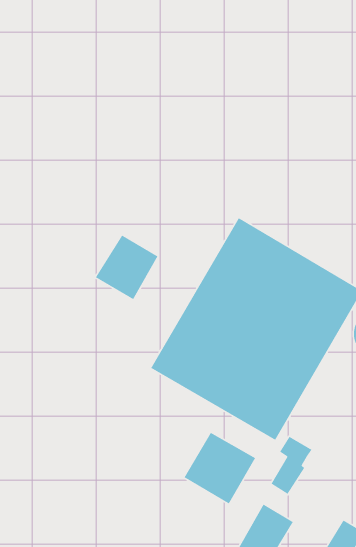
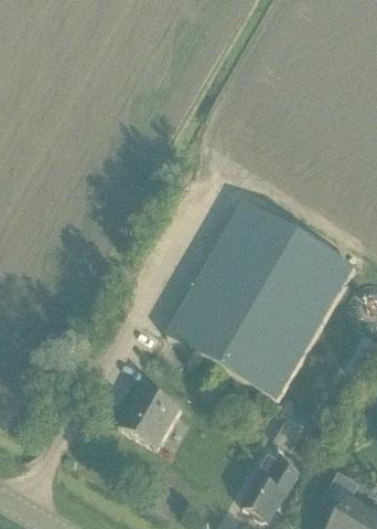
building: [95,234,159,300] -> none
building: [184,432,256,504] -> [117,382,182,447]

